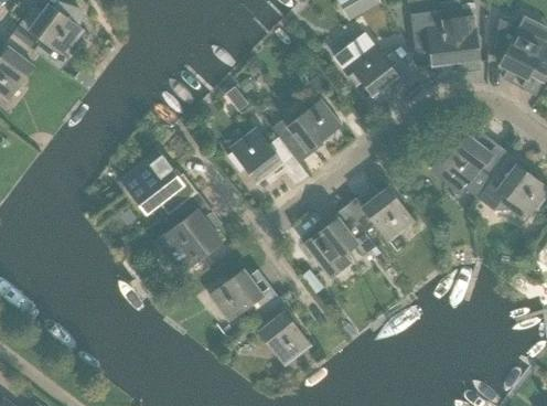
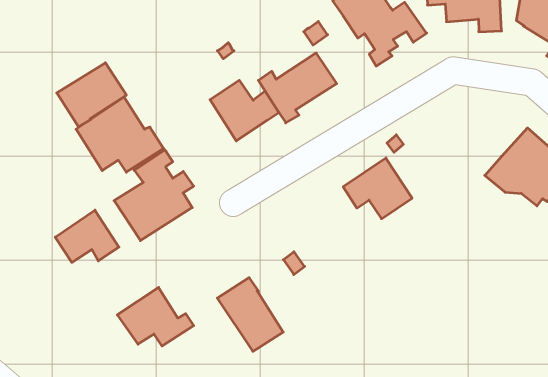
building: none -> [57,63,126,127]
building: [441,135,510,196] -> none
building: [304,206,376,278] -> none
building: none -> [55,210,119,262]
building: [210,269,277,320] -> [117,287,194,346]

